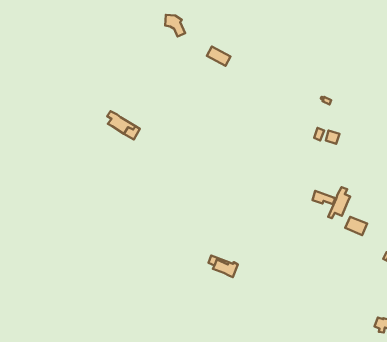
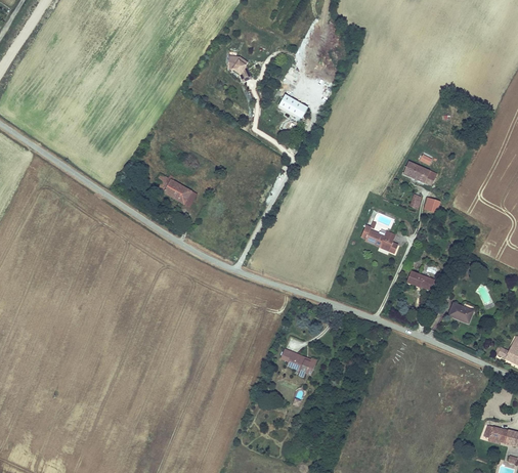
building: none -> [403,160,438,186]
building: none -> [361,224,399,253]
building: [328,187,350,218] -> none

